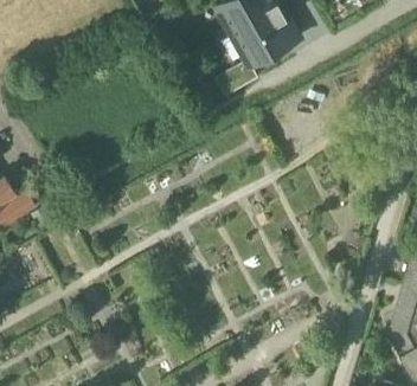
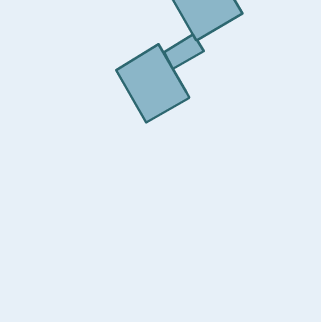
building: none -> [116,44,189,123]

